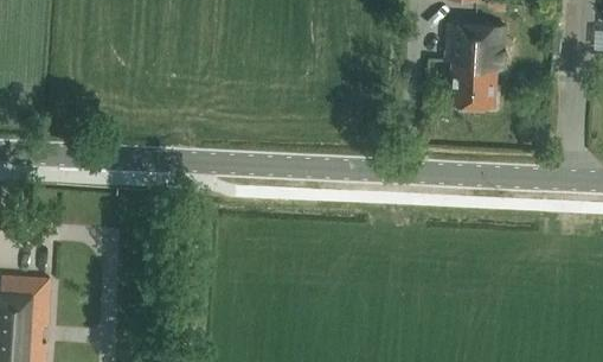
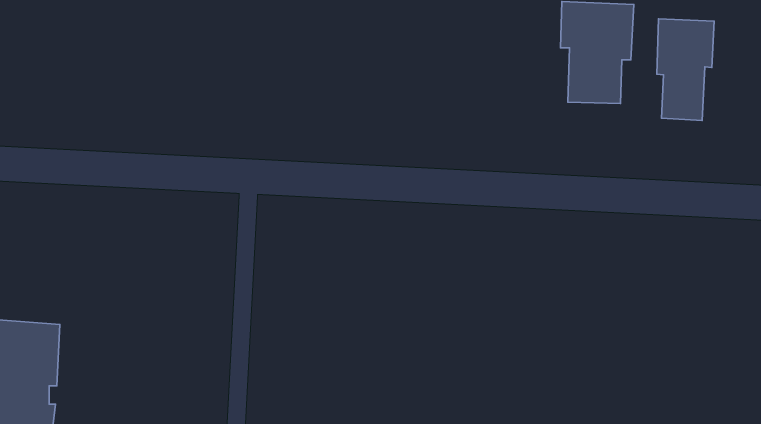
building: none -> [657,19,714,120]

